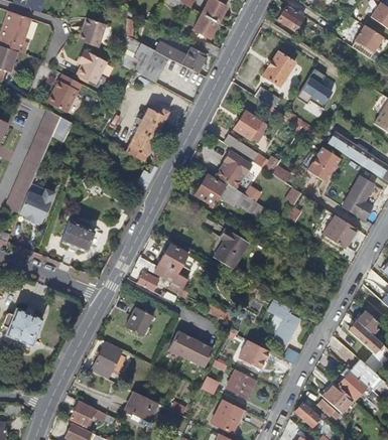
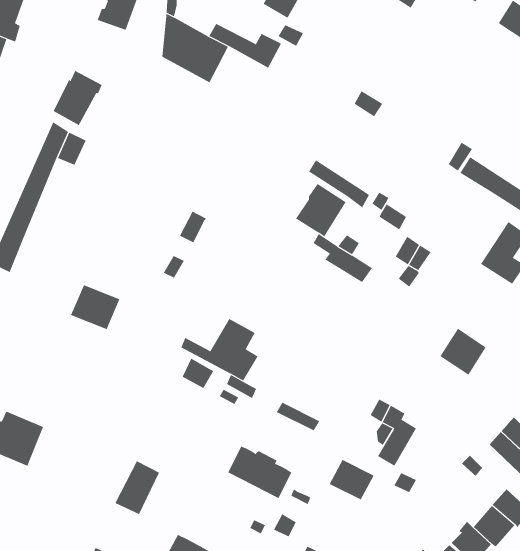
building: [79,51,109,84] -> none
building: [262,52,294,87] -> none
building: [296,69,332,109] -> none
building: [126,108,170,160] -> none
building: [234,111,268,143] -> none
building: [307,147,339,182] -> none
building: [195,174,225,205] -> none
building: [19,187,54,222] -> none
building: [322,215,355,248] -> [439,328,486,375]
building: [216,230,249,270] -> none
building: [125,307,154,336] -> none
building: [226,371,255,399] -> none

